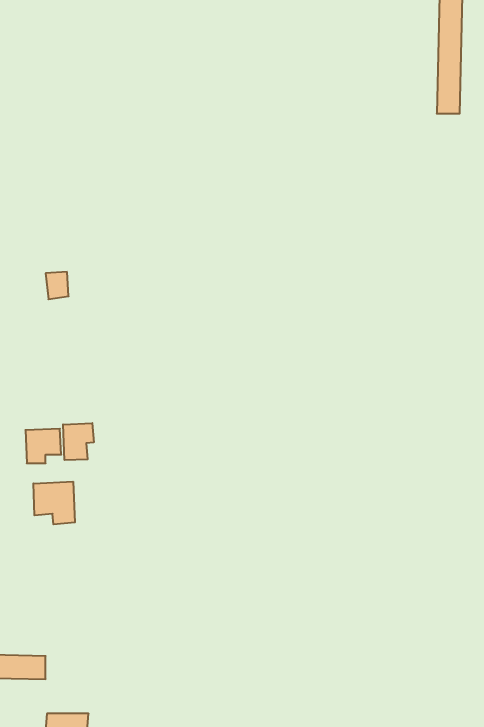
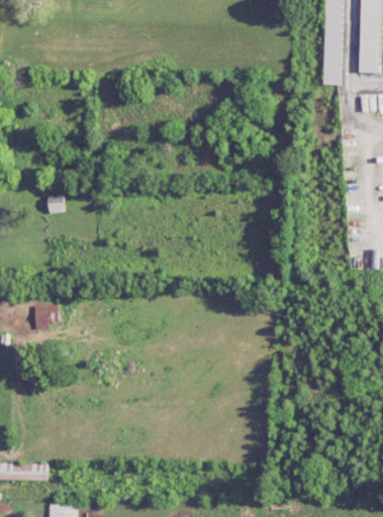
building: [63,423,94,460] -> none
building: [33,482,75,524] -> none

